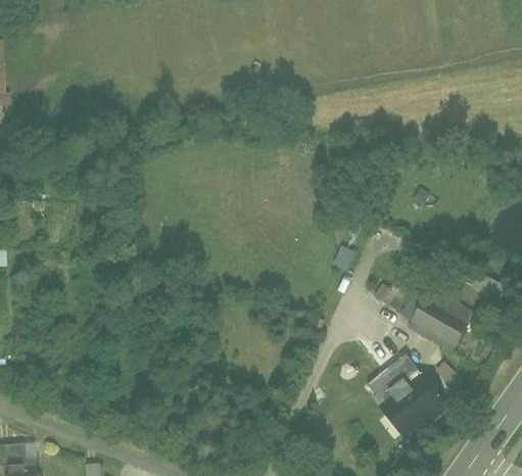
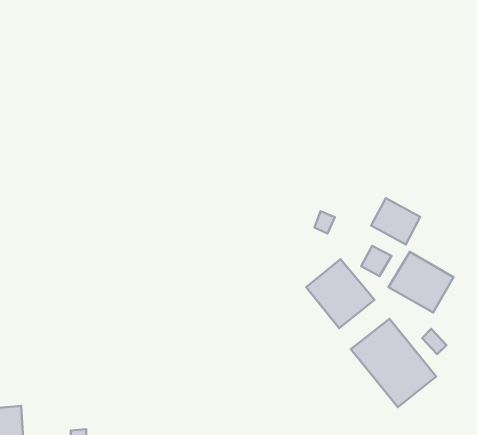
building: none -> [371,198,420,245]
building: none -> [306,259,374,328]

